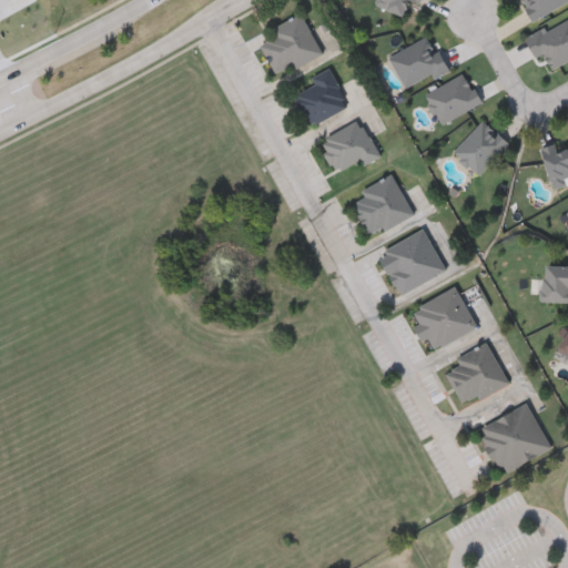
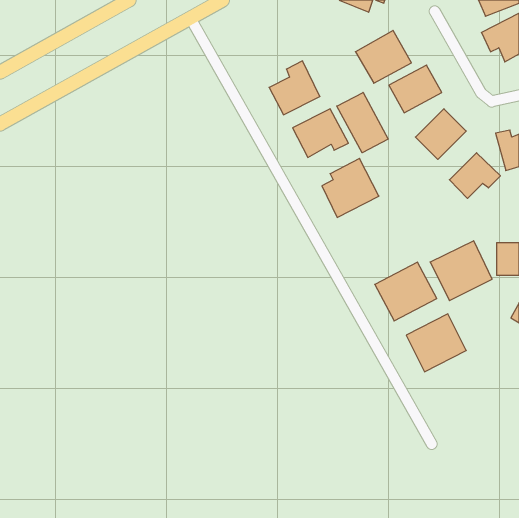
building: [258,17,322,75] -> none
building: none -> [337,92,388,153]
building: none -> [449,153,500,198]
building: [378,230,446,295] -> [430,241,492,301]
building: [479,404,551,474] -> none

